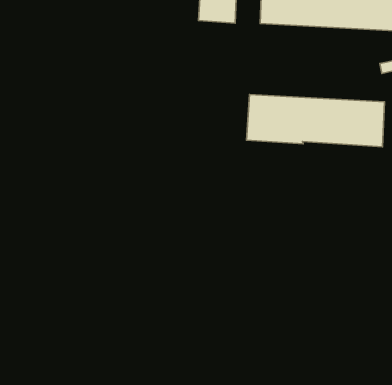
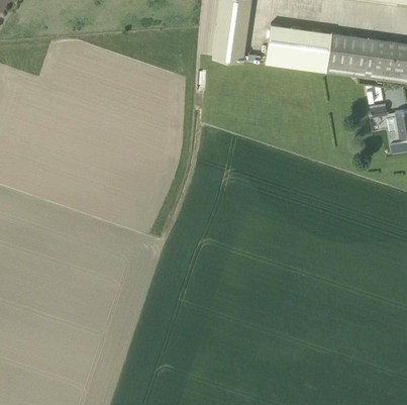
building: [246,94,384,147] -> none

